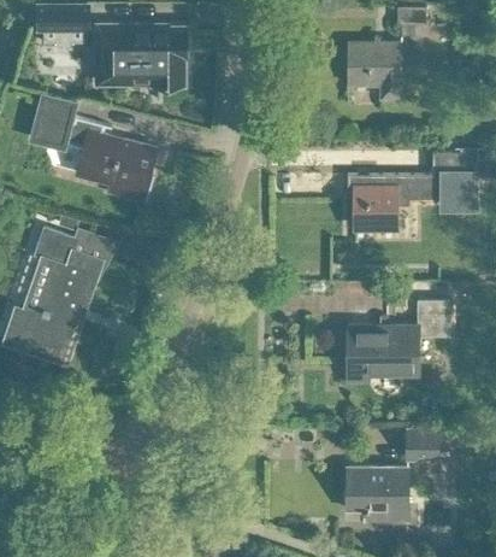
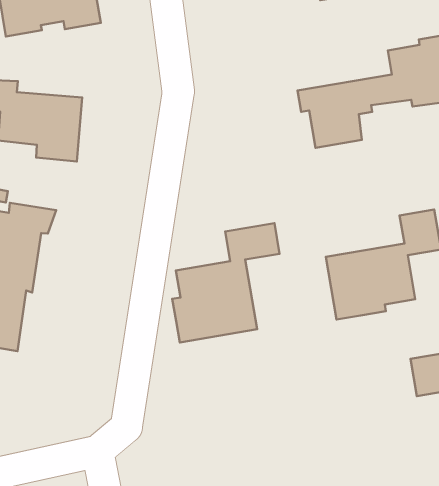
building: none -> [172,223,280,342]
building: [347,468,407,522] -> none

